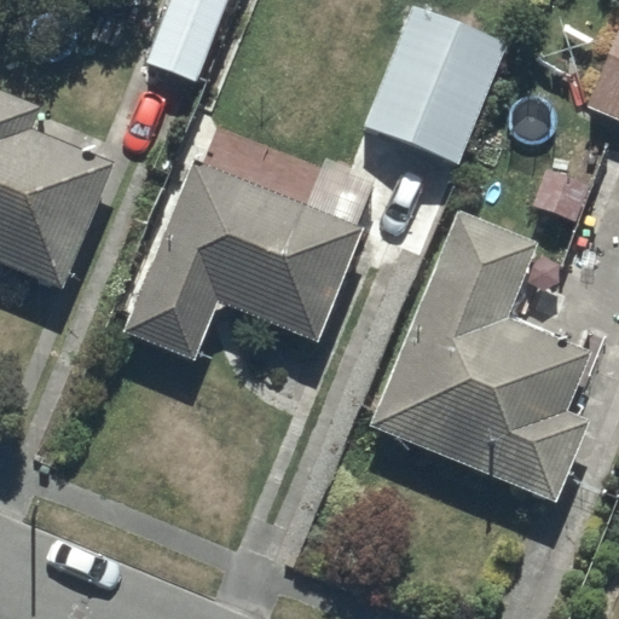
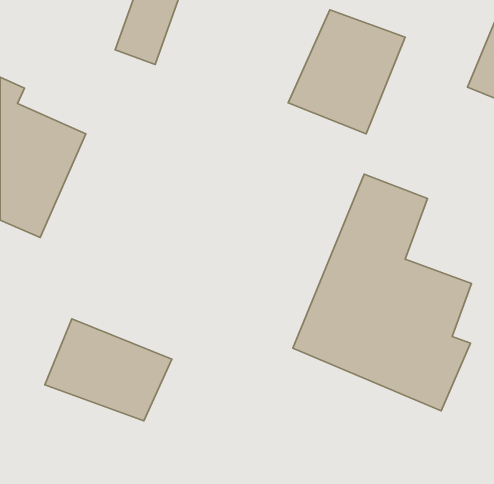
building: [126,166,360,361] -> none
building: none -> [45,319,172,421]

